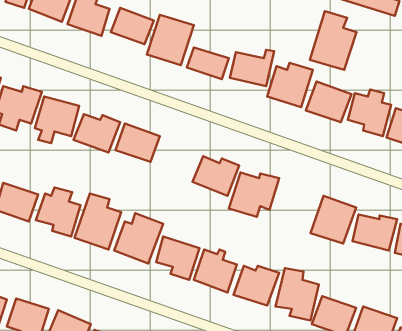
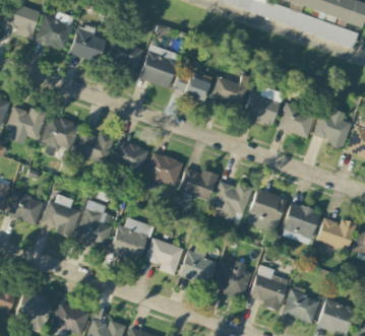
building: [310,11,356,70] -> none
building: none -> [142,152,183,190]
building: none -> [247,190,285,231]

